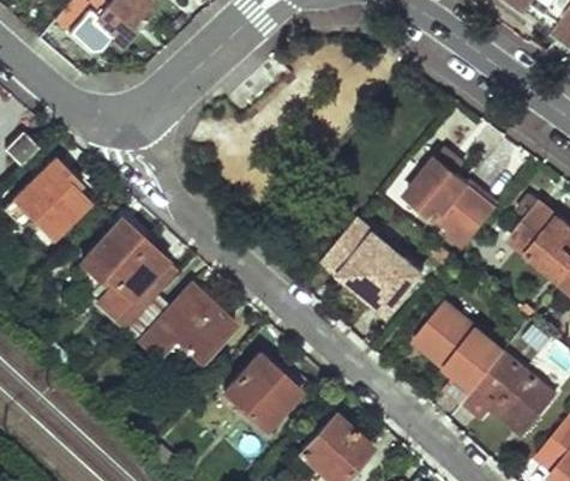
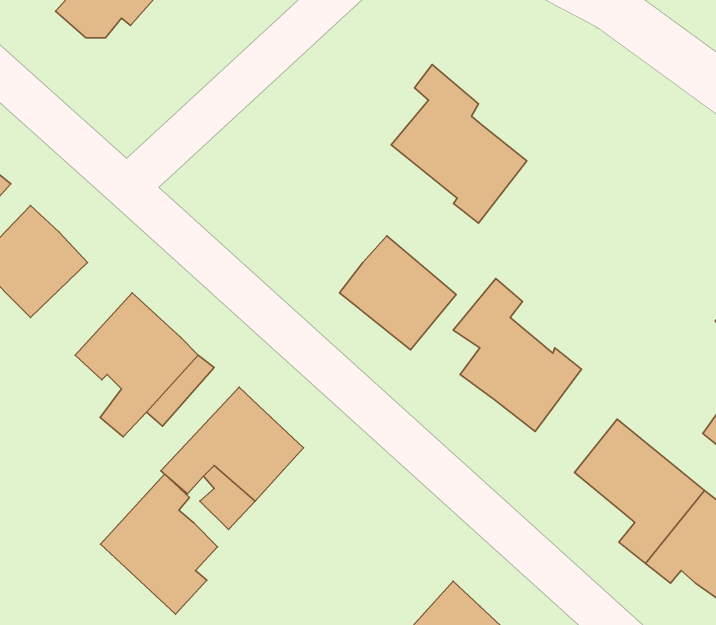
building: [406,140,497,247] -> [391,65,527,223]
building: none -> [340,236,456,350]
building: none -> [101,474,217,614]
building: [224,354,299,429] -> none

